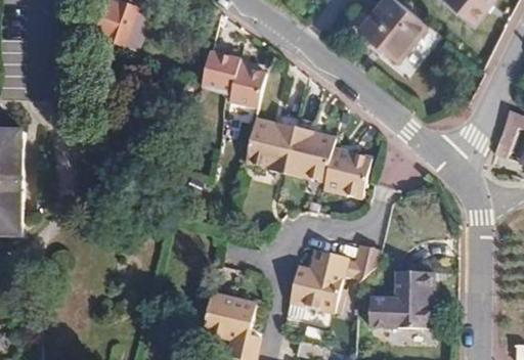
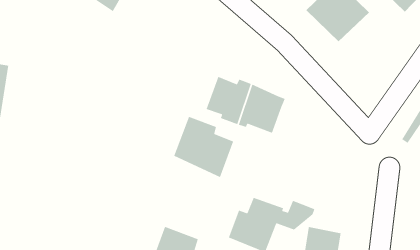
building: [202,48,269,115] -> [173,116,234,178]
building: [326,142,374,193] -> none

